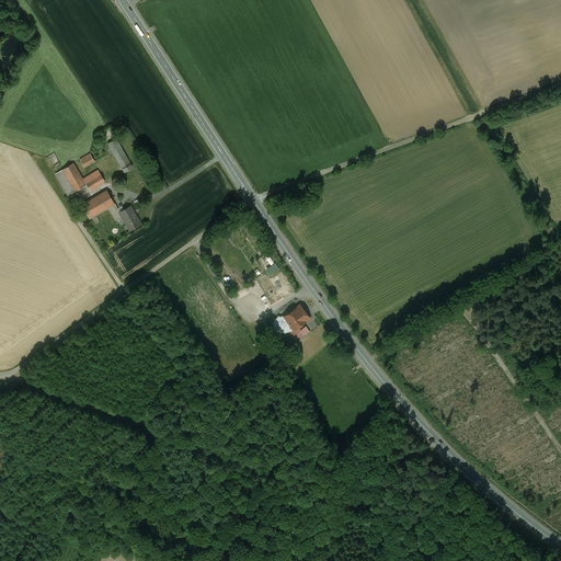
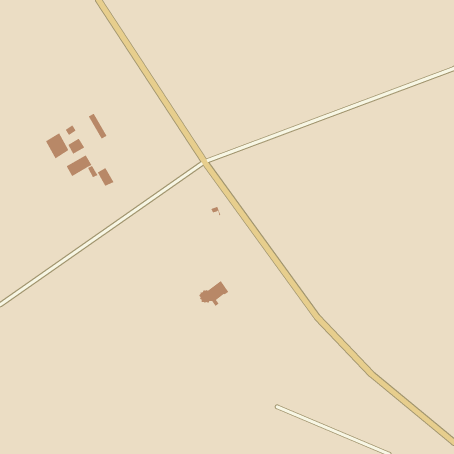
building: [272,305,310,337] -> [198,280,229,307]

